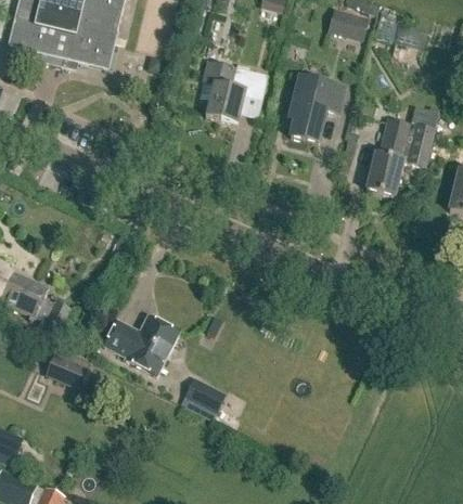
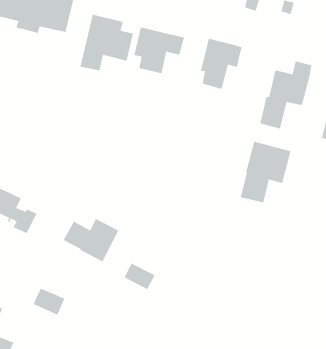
building: none -> [80,14,133,71]
building: none -> [240,141,291,203]
building: [47,351,90,388] -> [33,288,65,315]

